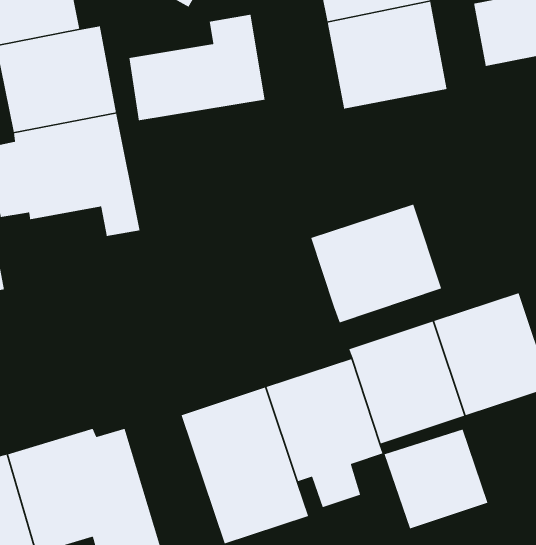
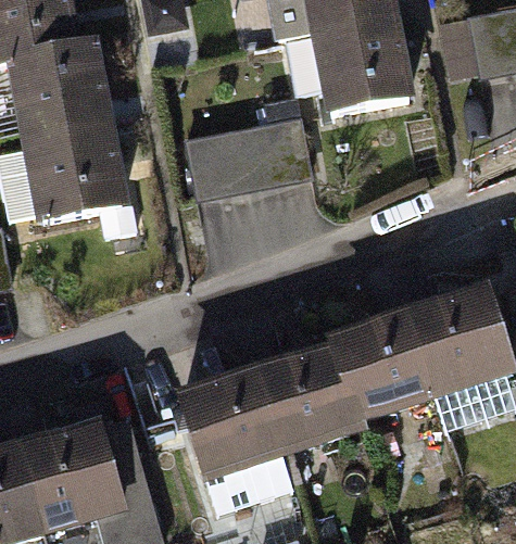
building: [129,14,265,121] -> [189,97,315,195]
building: [310,204,442,324] -> none
building: [384,428,488,530] -> none

